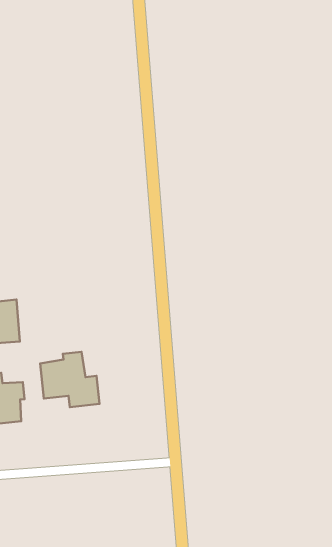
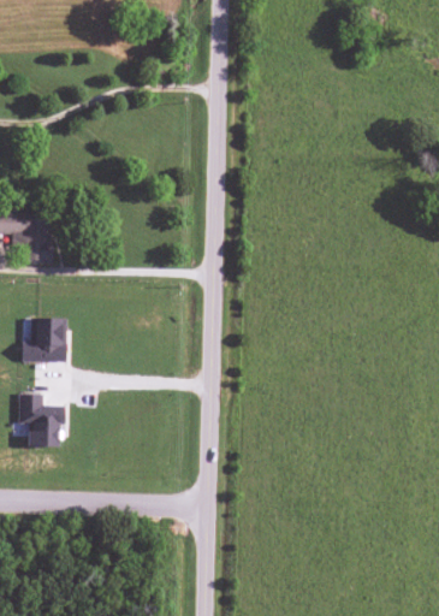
building: [40,352,99,407] -> none

